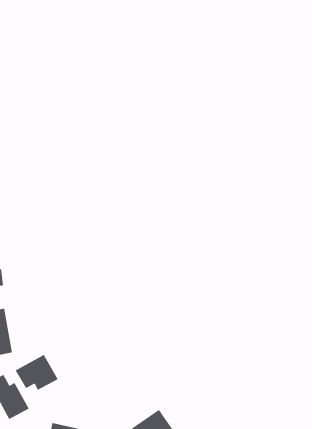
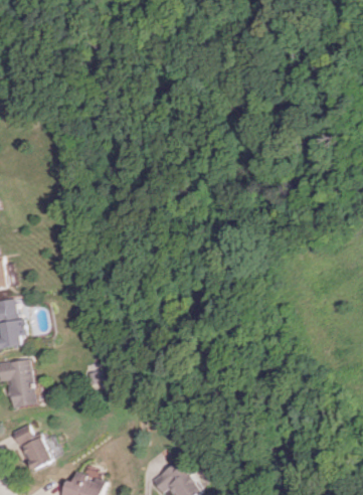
building: [15,354,59,391] -> none

